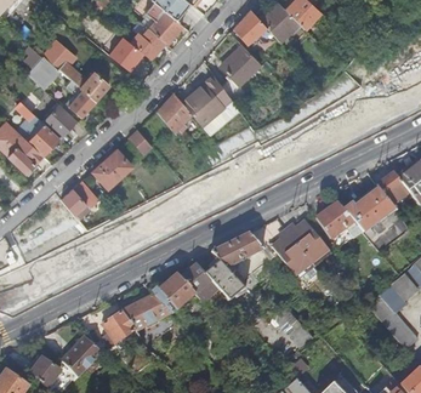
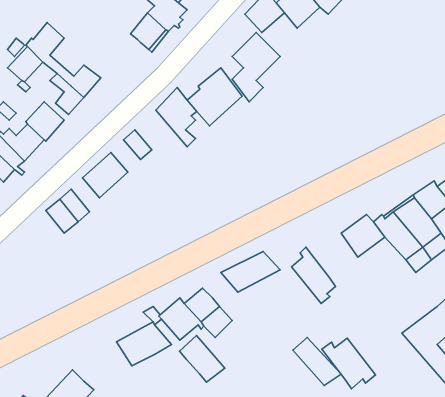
building: [108,36,142,70] -> none
building: [284,220,330,263] -> [322,338,375,389]
building: [204,260,243,300] -> [180,336,225,382]
building: [101,311,141,346] -> none

